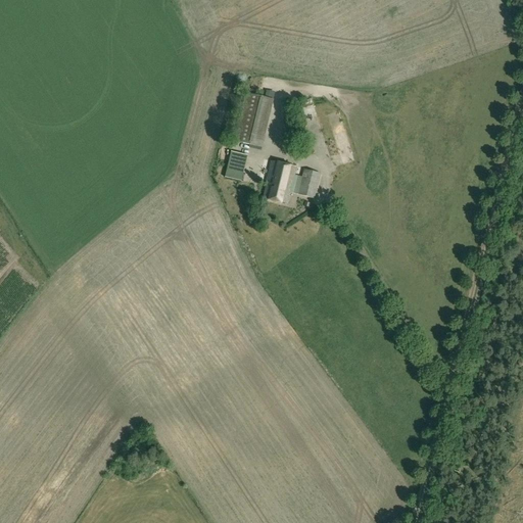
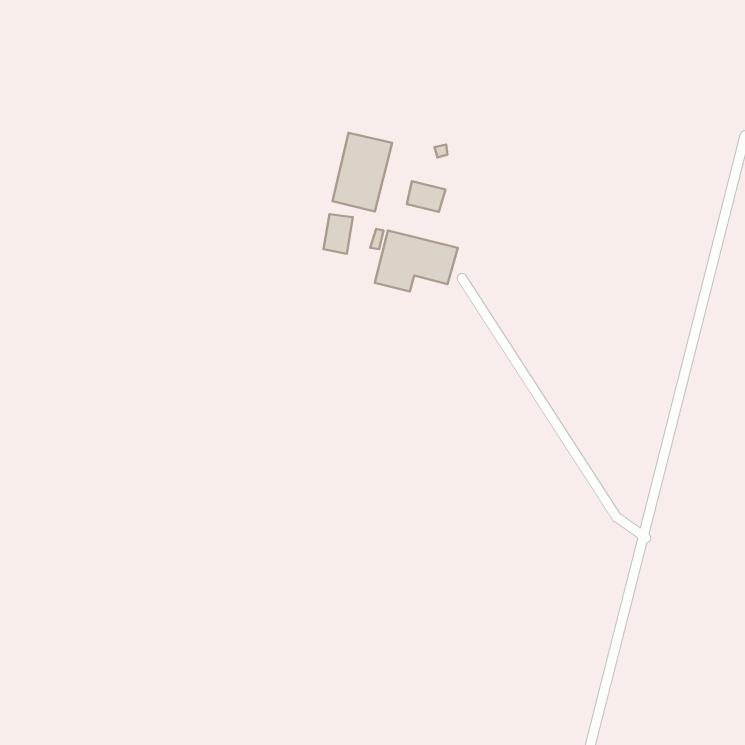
building: none -> [407,181,445,212]

